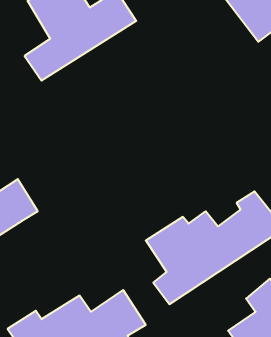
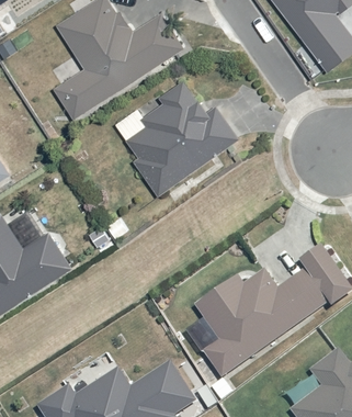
building: none -> [124,81,237,196]

